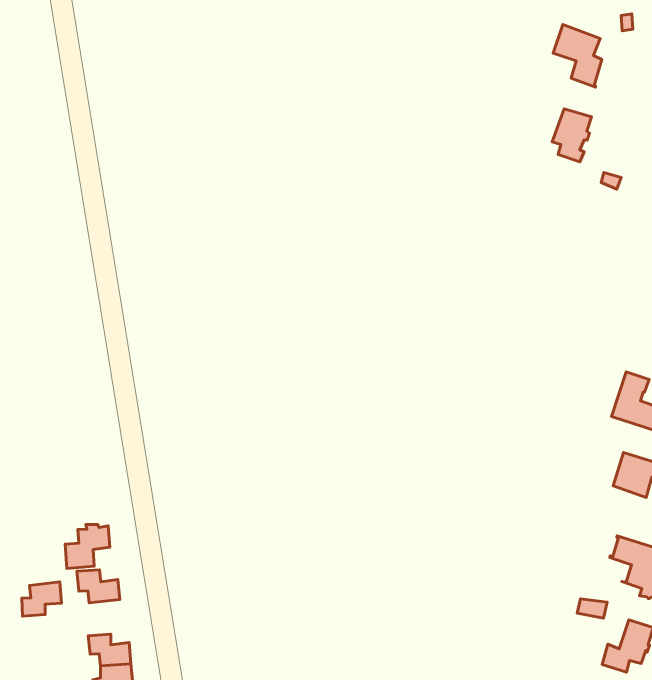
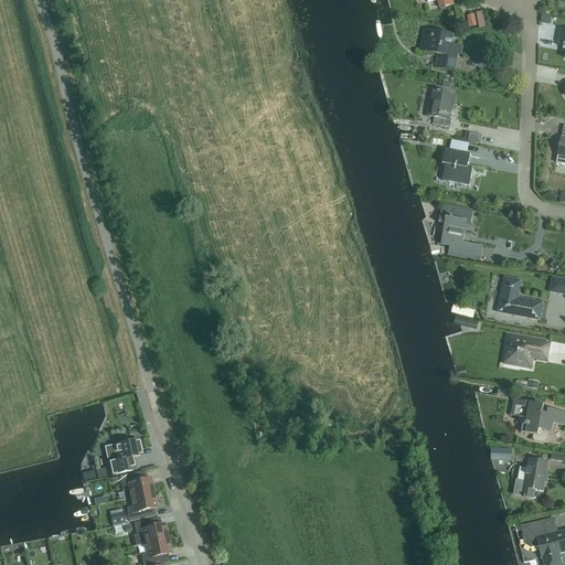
building: none -> [443,148,473,184]
building: none -> [438,204,482,258]
building: [22,582,62,616] -> [127,491,157,520]

